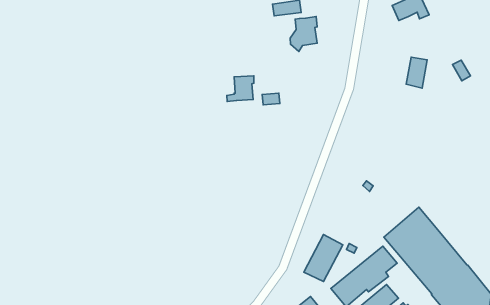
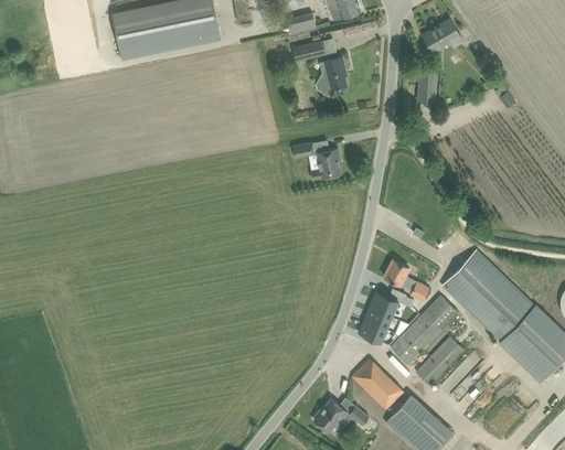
building: [406,57,427,88] -> [417,71,437,103]
building: [227,76,254,102] -> [311,149,340,180]
building: none -> [384,259,429,300]

